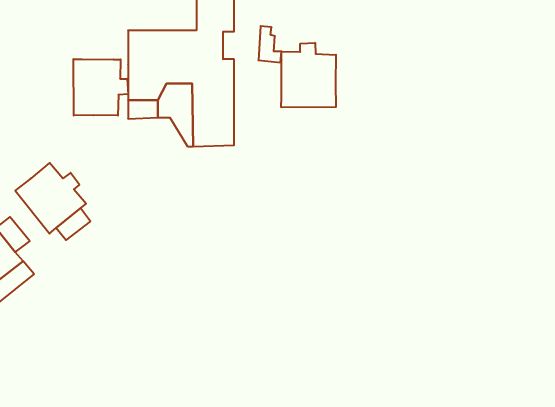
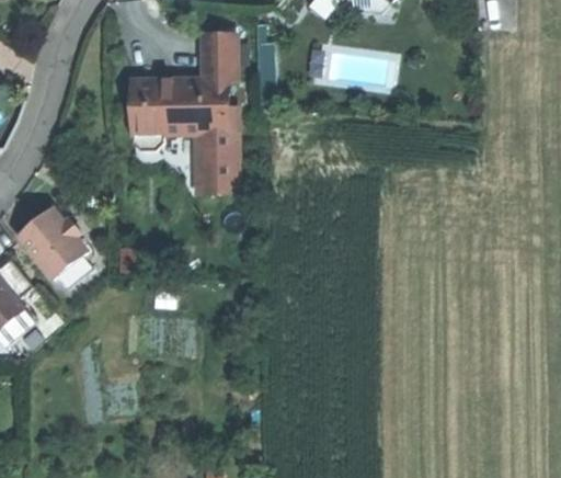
building: [281,43,336,107] -> none
building: [73,59,128,116] -> none

